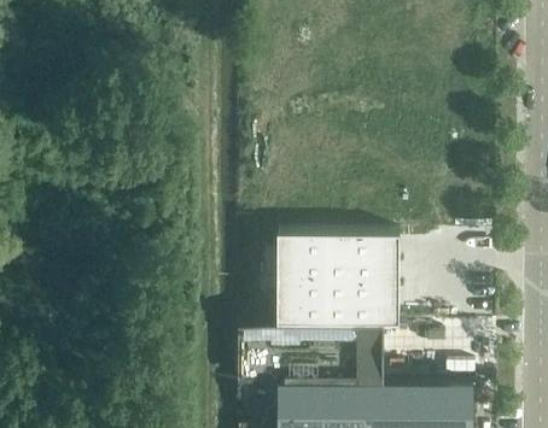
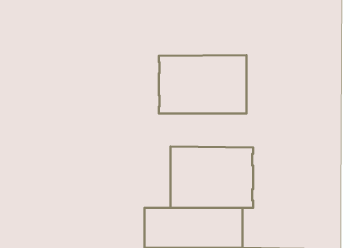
building: none -> [159,55,247,113]

